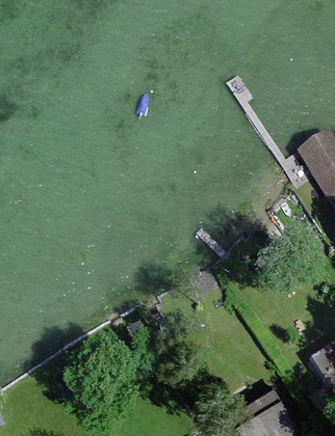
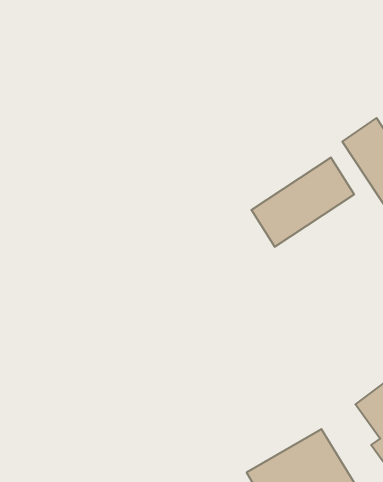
building: none -> [251,157,354,247]

